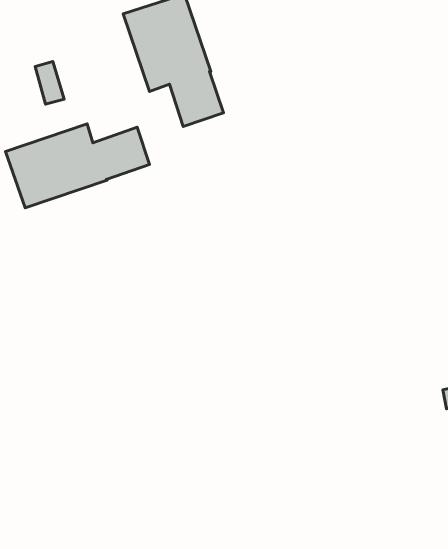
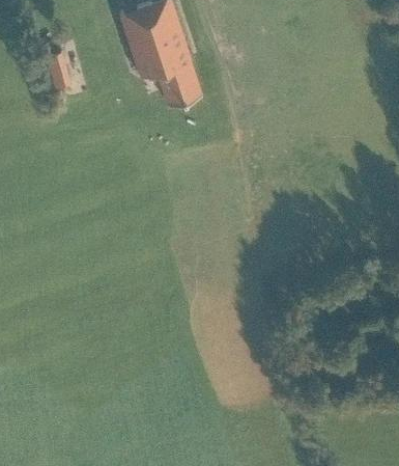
building: [5,124,150,208] -> none

